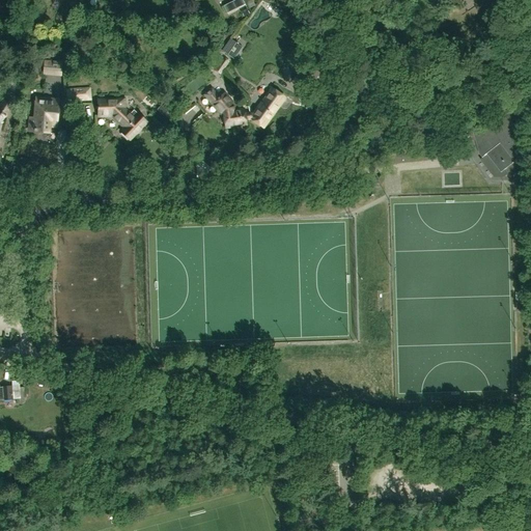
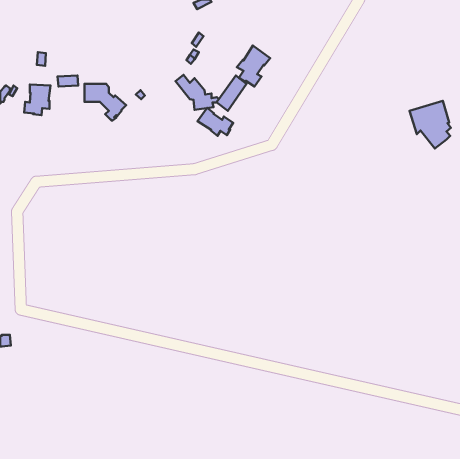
building: none -> [237,46,270,87]
building: none -> [198,108,233,136]

